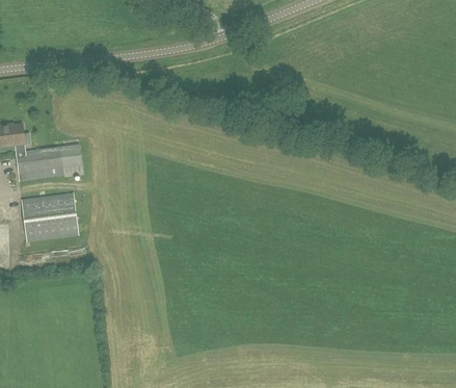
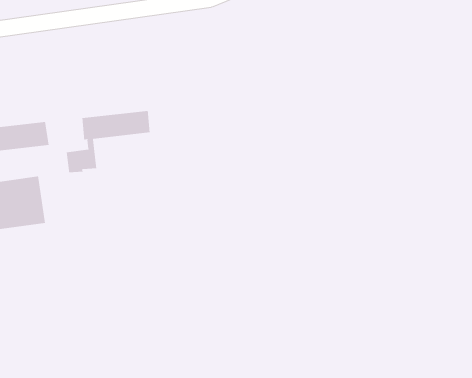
building: none -> [66,110,150,173]

